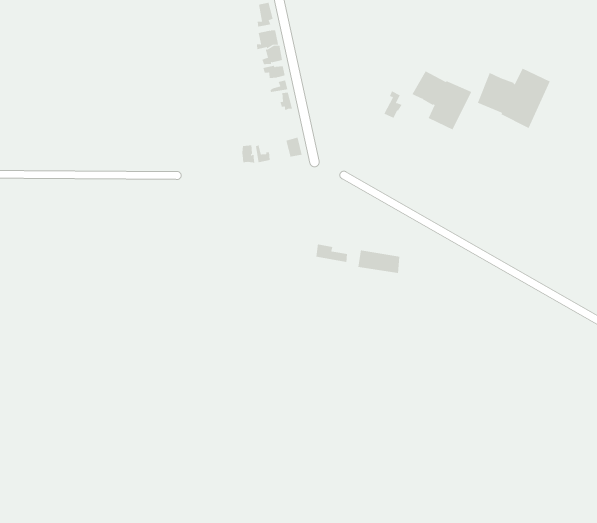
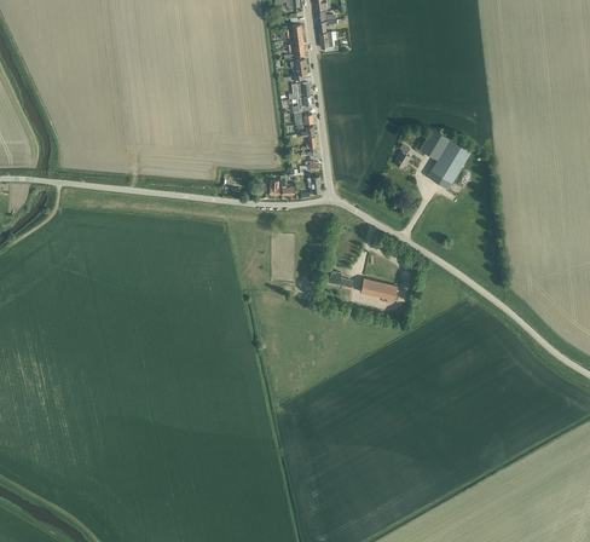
building: [477,68,550,129] -> none

